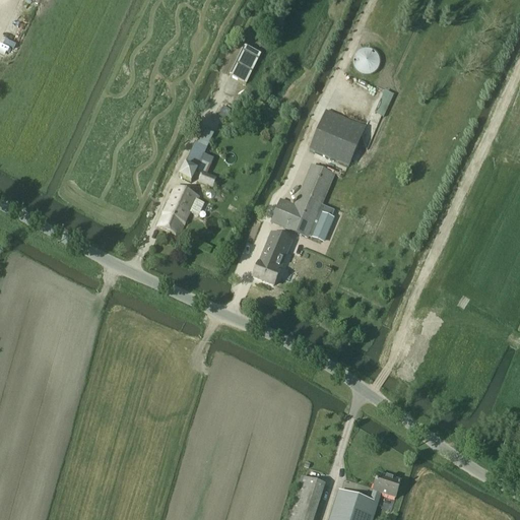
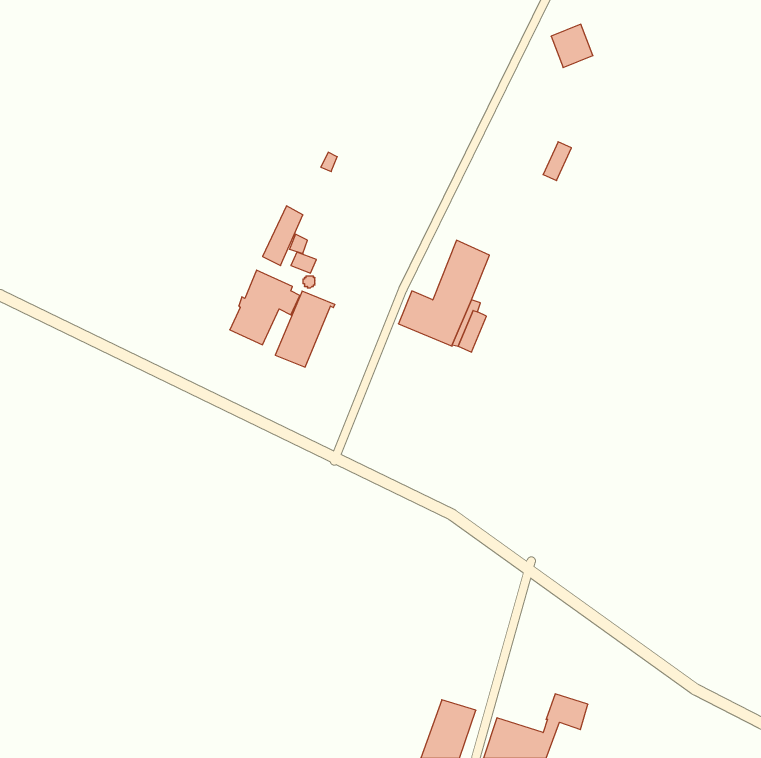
building: [230,45,261,82] -> none
building: [352,46,381,75] -> [551,24,593,68]
building: [309,108,365,165] -> none
building: [254,232,295,283] -> [275,291,335,367]

